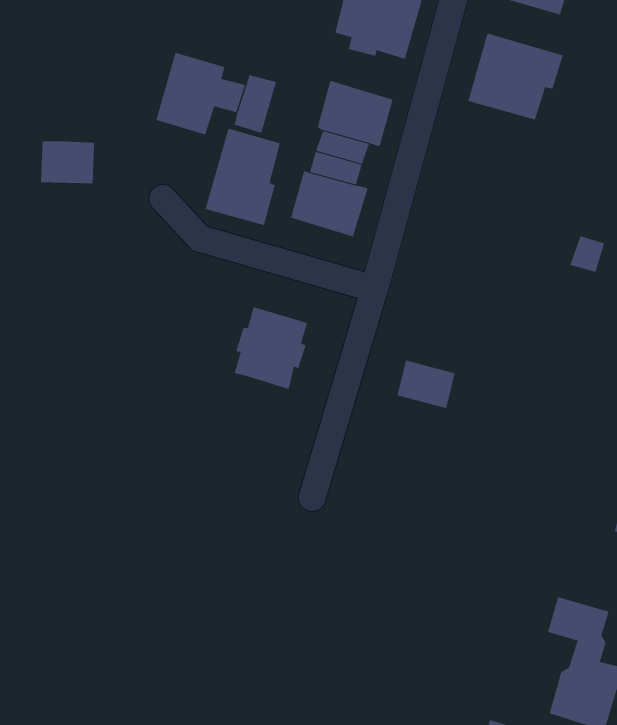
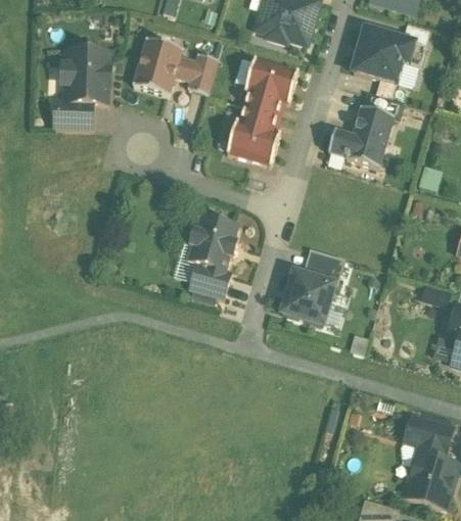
building: none -> [59,50,109,101]
building: [205,128,280,226] -> none
building: none -> [322,109,399,171]
building: none -> [188,262,231,298]
building: none -> [275,271,330,327]

